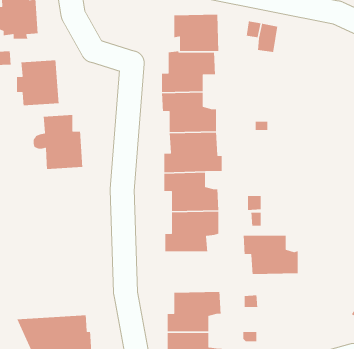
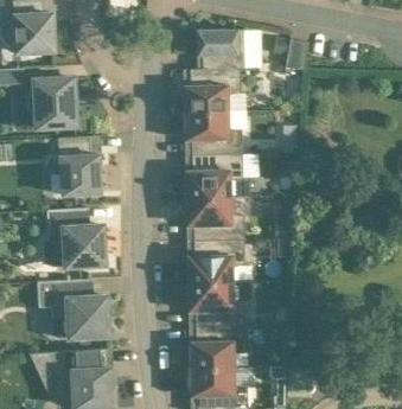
building: none -> [43,206,103,266]
building: [243,235,299,275] -> [186,282,245,325]
building: none -> [37,277,107,339]

